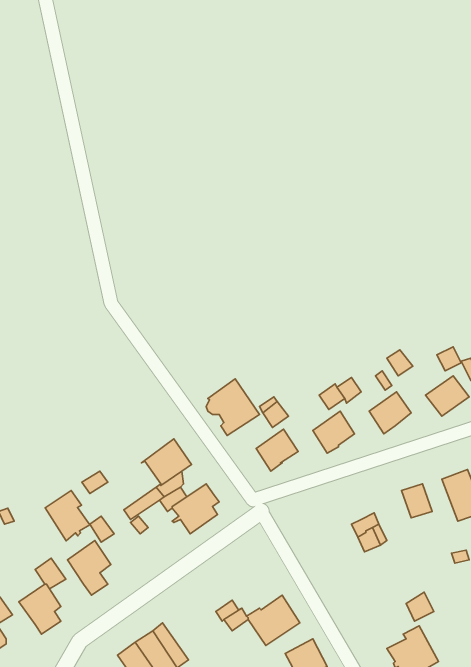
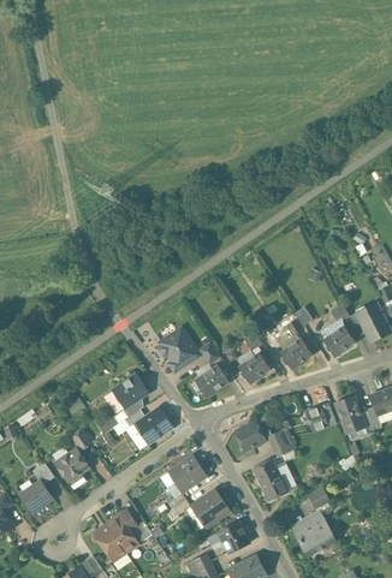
building: [45,491,90,541] -> none
building: none -> [233,421,266,451]
building: none -> [167,454,206,493]
building: none -> [251,459,287,501]

